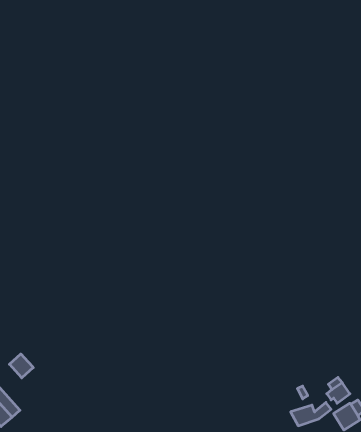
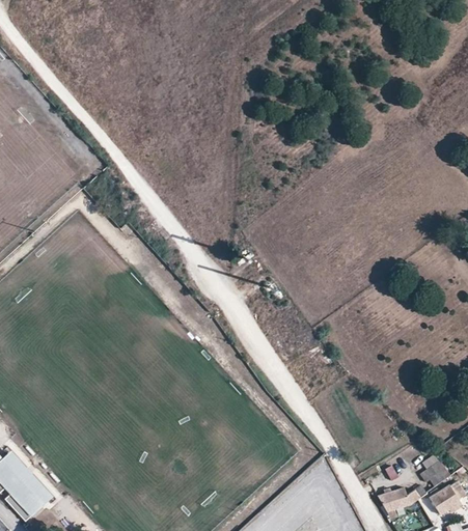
building: [9,354,33,378] -> none

